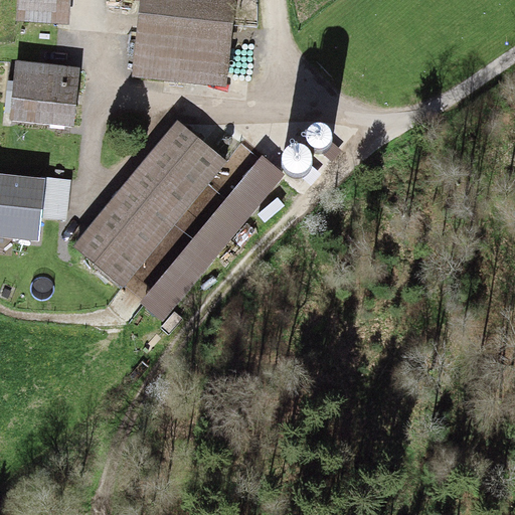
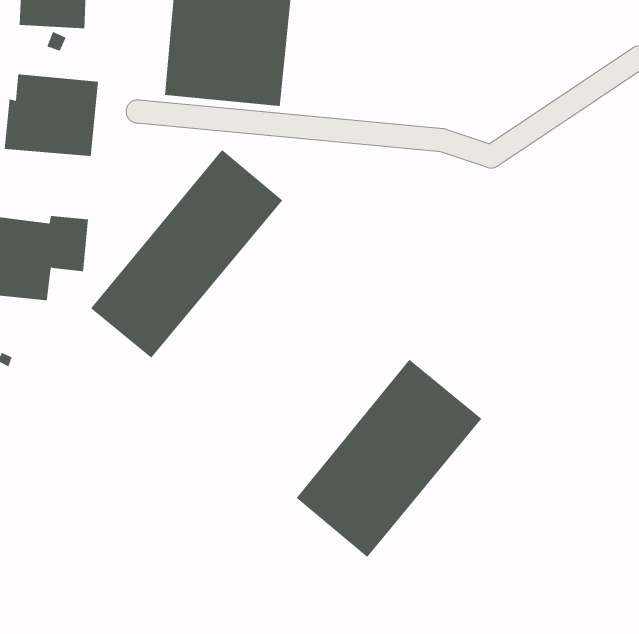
building: [140,155,284,321] -> none
building: none -> [296,359,482,558]

